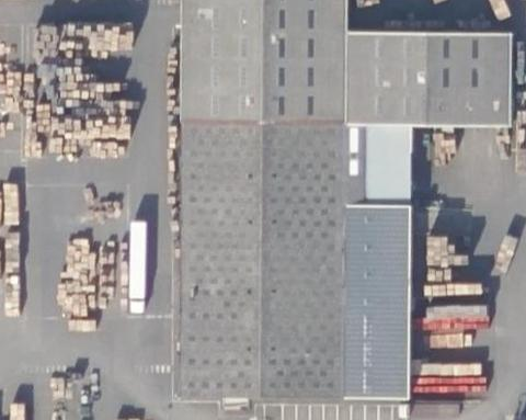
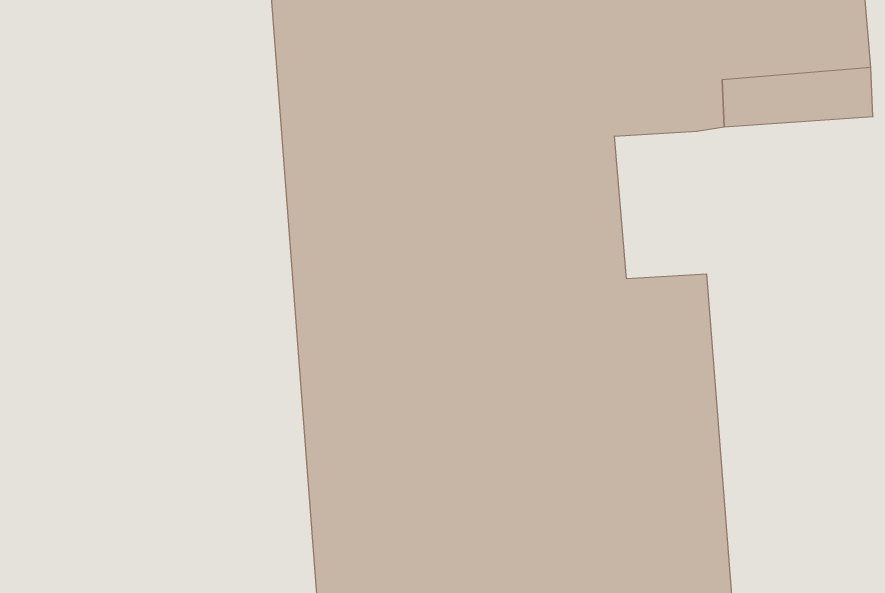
building: [366,124,412,205] -> none

